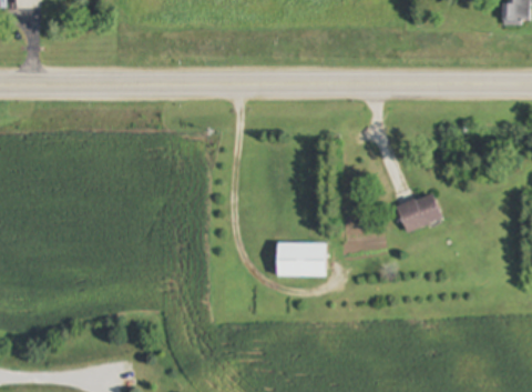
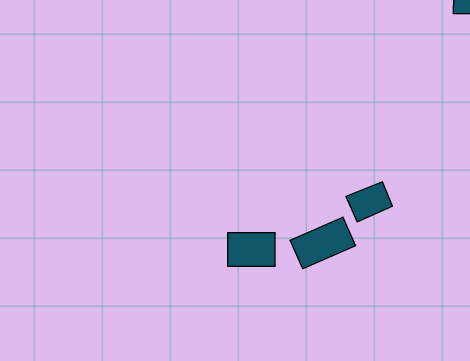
building: none -> [290,217,355,269]

